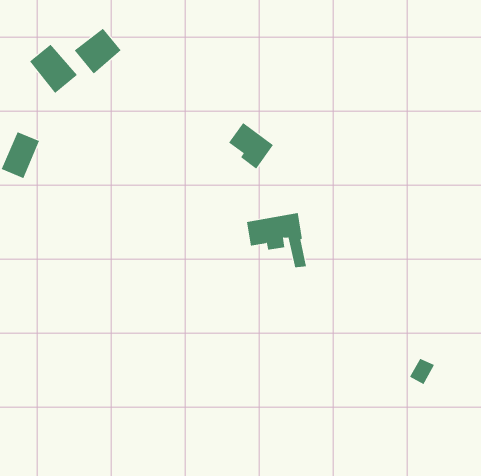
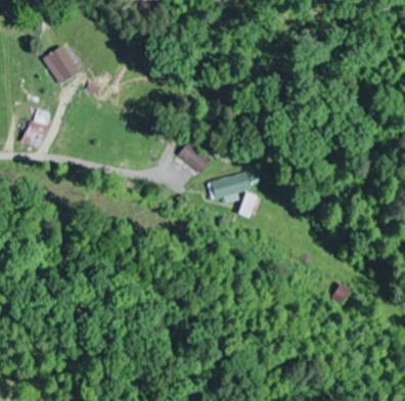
building: [74,28,122,74] -> none
building: [228,122,274,169] -> [177,140,212,176]

